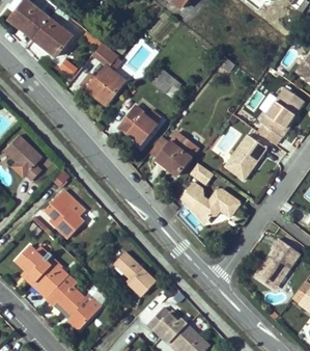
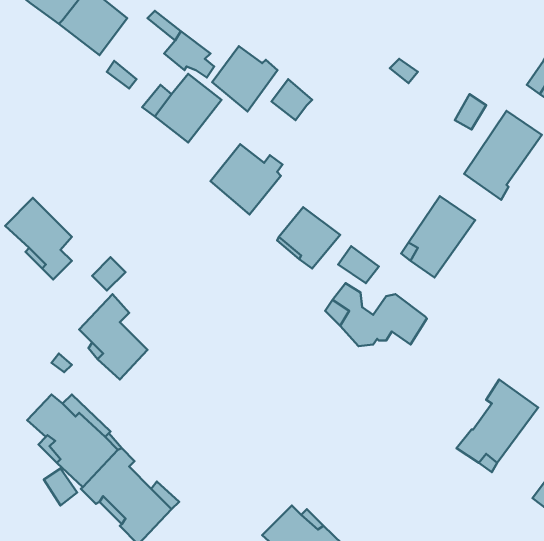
building: none -> [212,46,278,112]
building: [115,252,157,296] -> none

